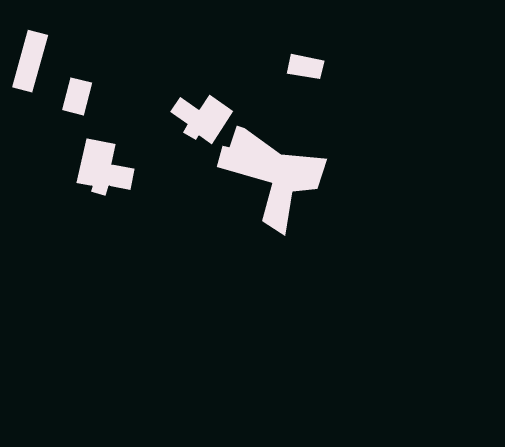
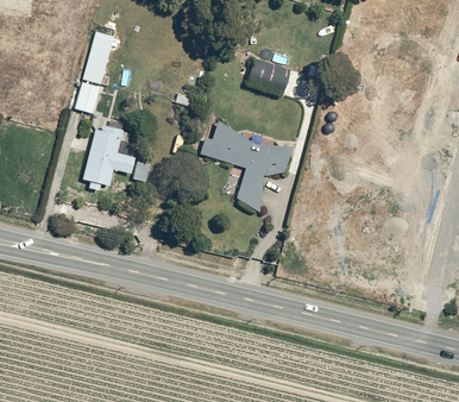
building: [11,29,49,93] -> [82,31,113,83]
building: [169,94,234,145] -> none

